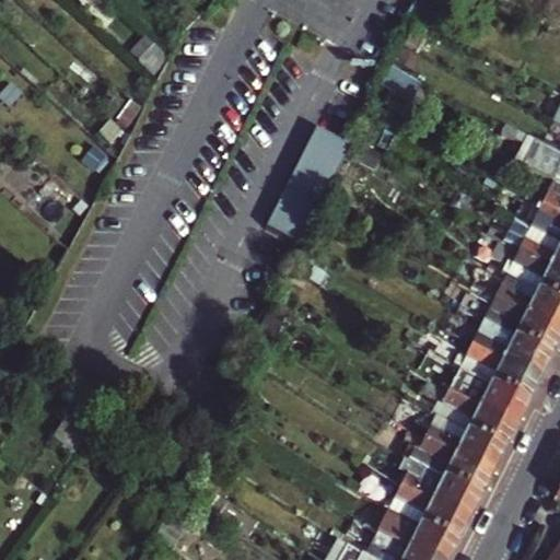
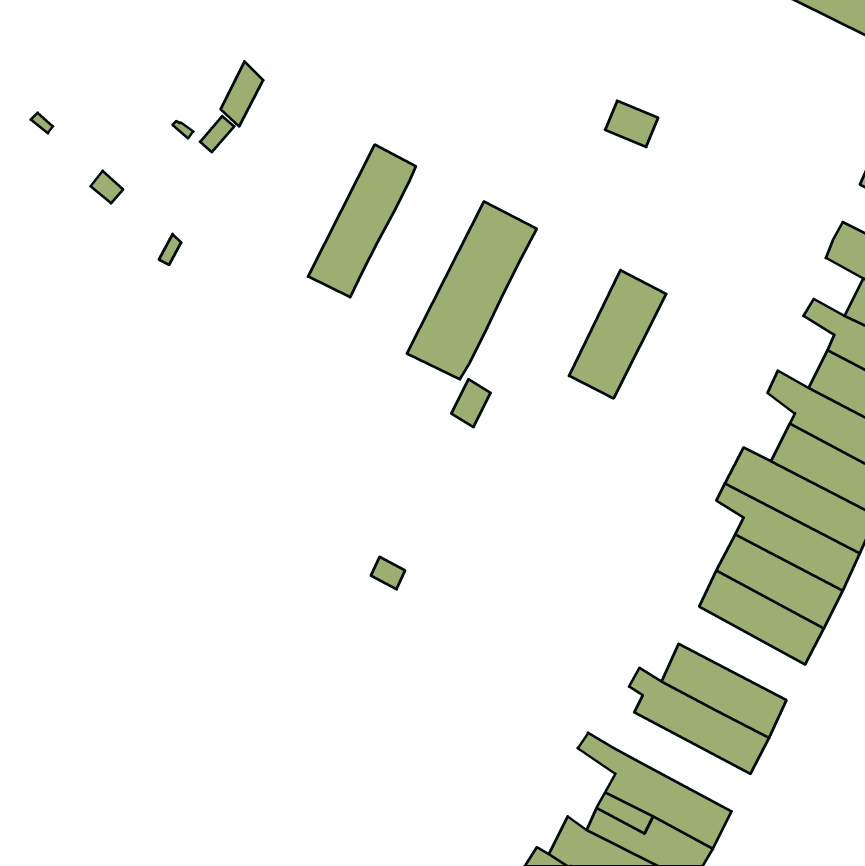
building: none -> [308,145,416,297]
building: none -> [569,270,666,398]
building: [427,377,521,448] -> none
building: [372,452,486,520] -> none

